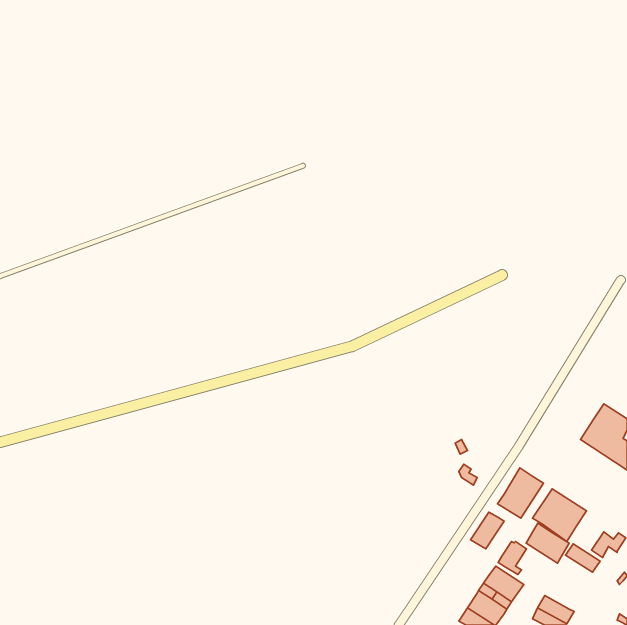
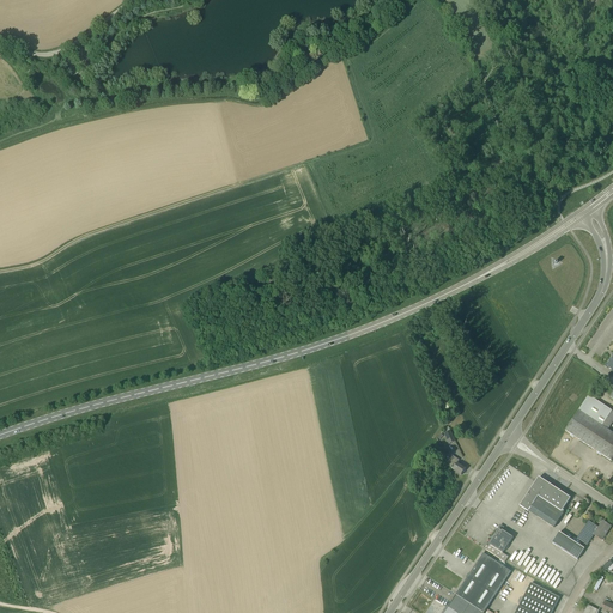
building: [498,468,544,518] -> none
building: [470,512,504,549] -> none
building: [526,523,569,563] -> none

